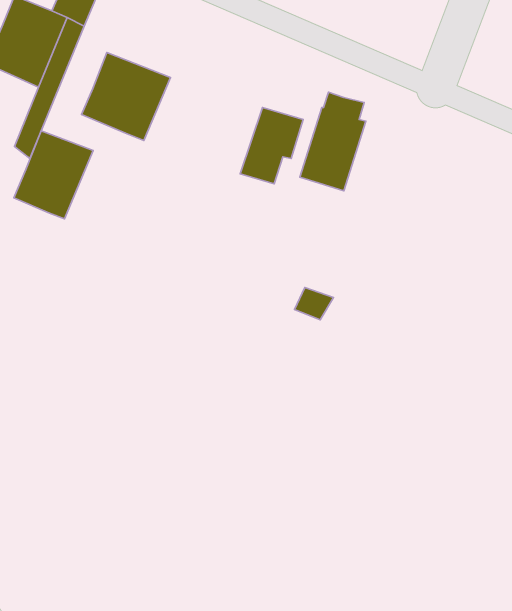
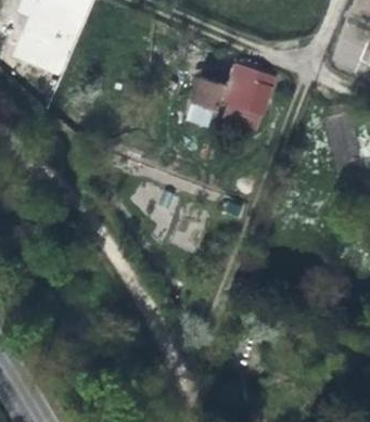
building: [82,53,171,140] -> none
building: [14,131,93,219] -> none

